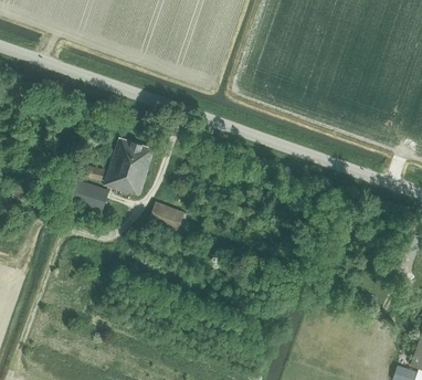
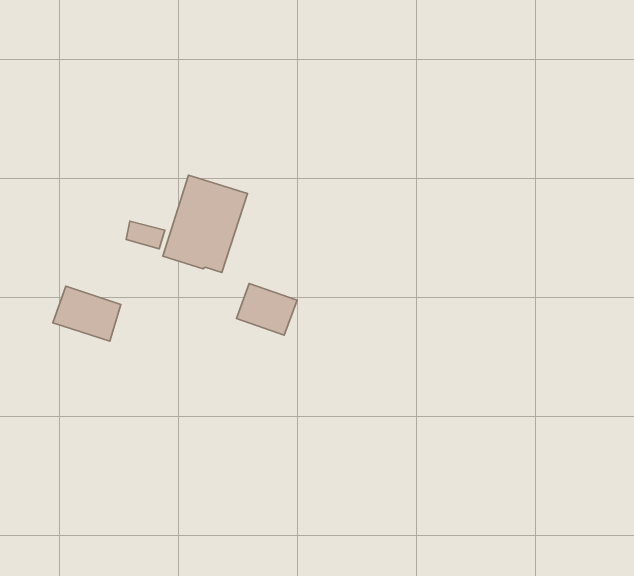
building: [67,179,108,212] -> [53,286,121,341]

